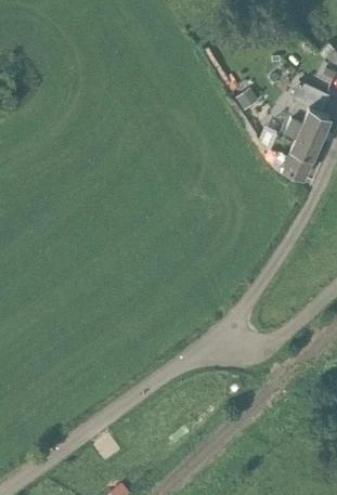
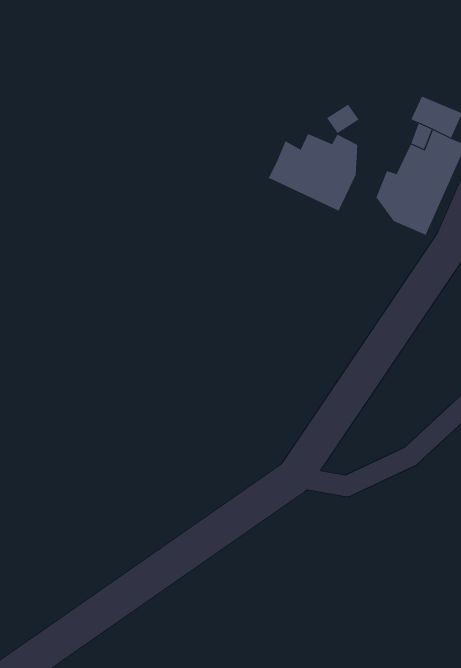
building: none -> [268,133,358,212]

